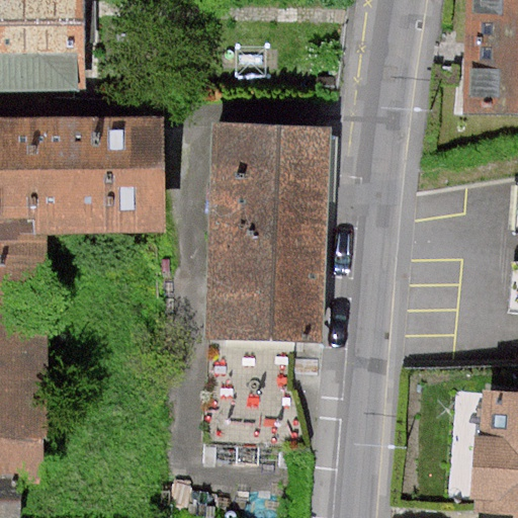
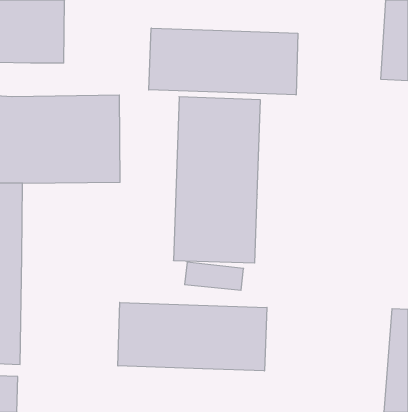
building: none -> [149,28,298,95]
building: none -> [118,302,267,371]

